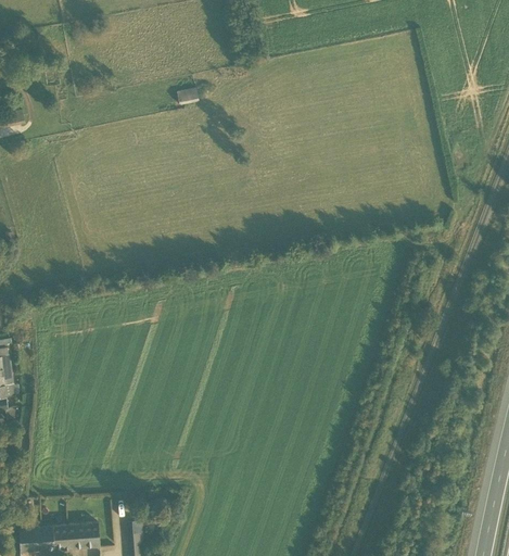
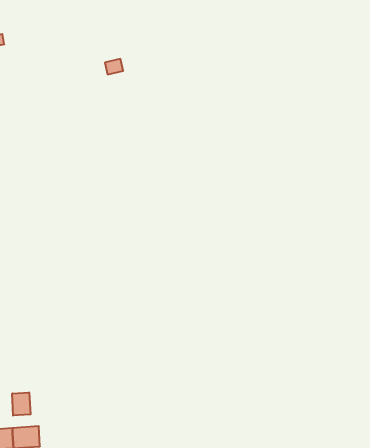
building: none -> [12,392,31,416]

